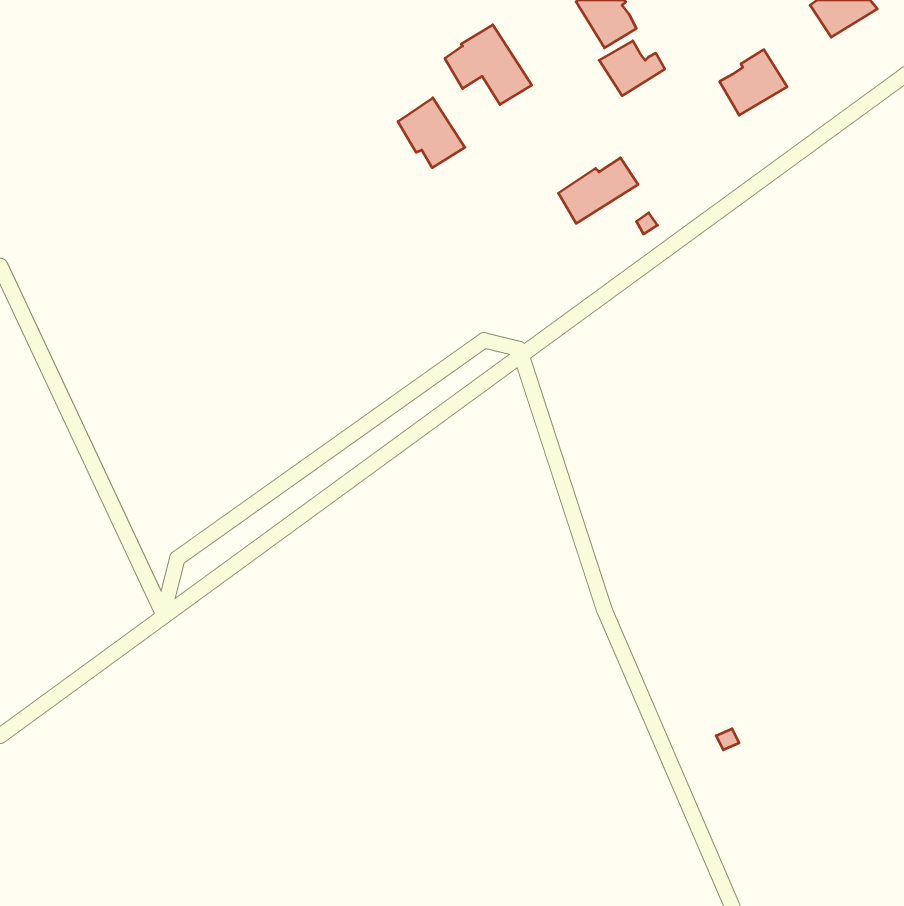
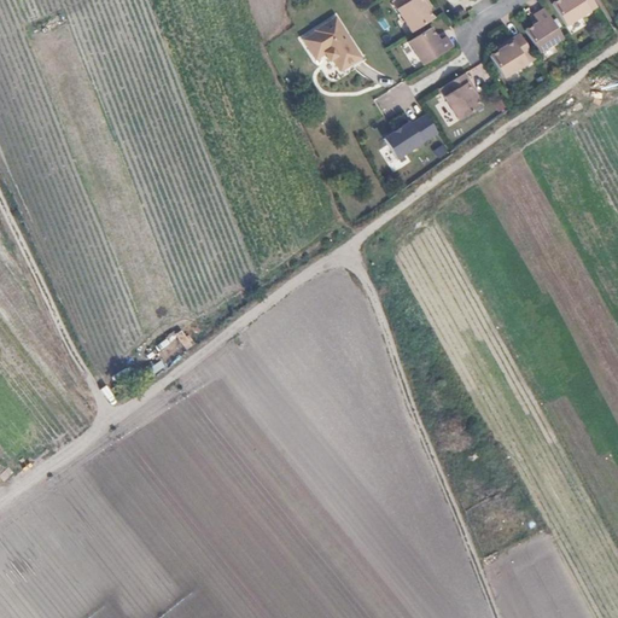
building: none -> [526,8,564,53]
building: [398,98,465,168] -> none
building: none -> [441,74,483,121]

